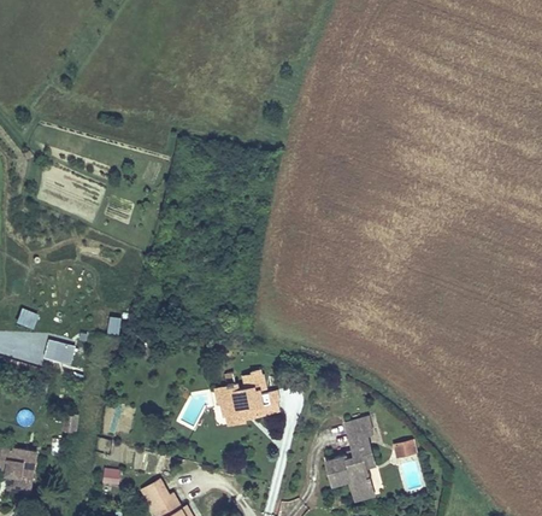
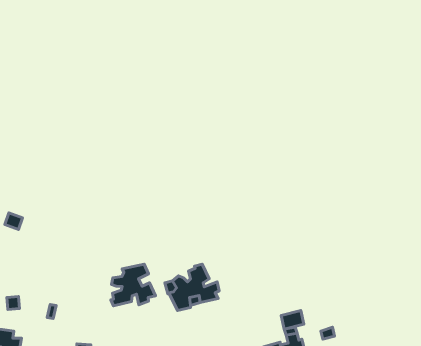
building: [42,336,72,362] -> none
building: none -> [111,264,156,306]

